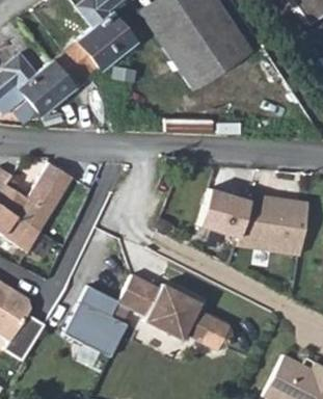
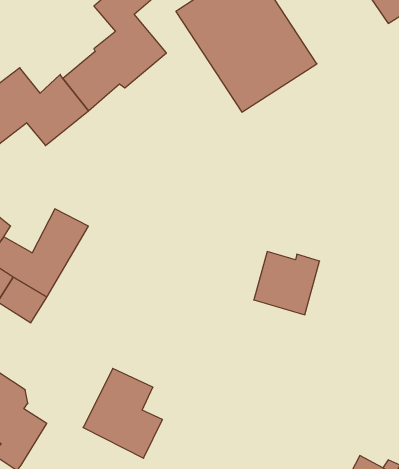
building: [239,201,307,261] -> none
building: [123,275,230,345] -> none

